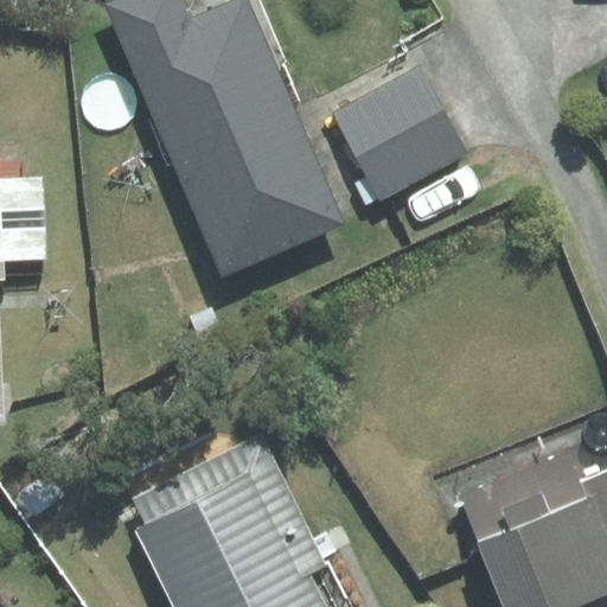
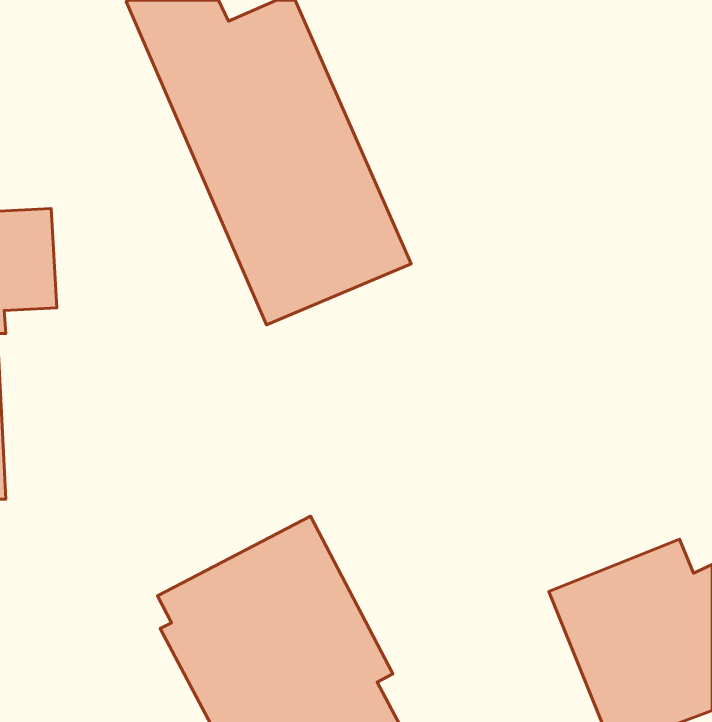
building: [328,65,467,203] -> none

